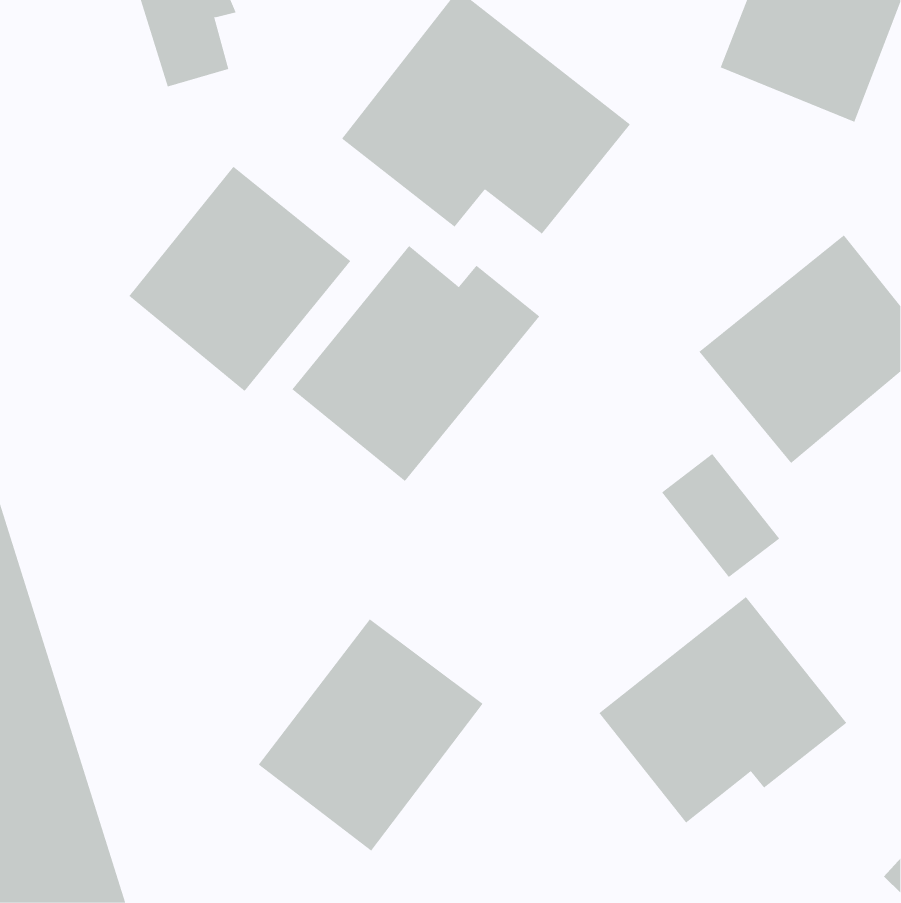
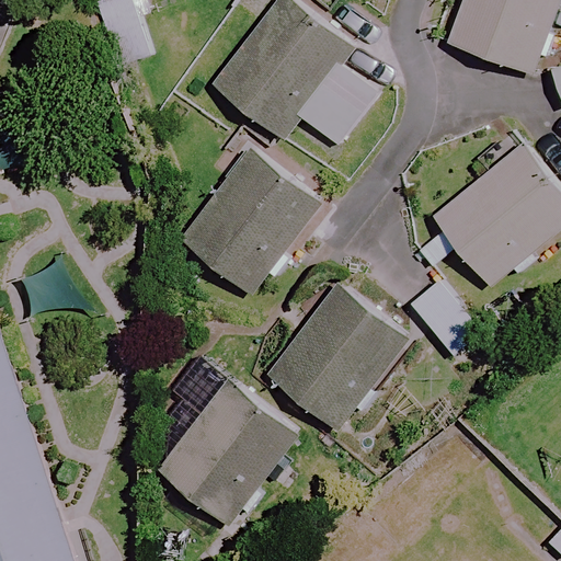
building: [129,166,351,392] -> none
building: none -> [264,285,404,431]
building: [598,596,847,823] -> none

